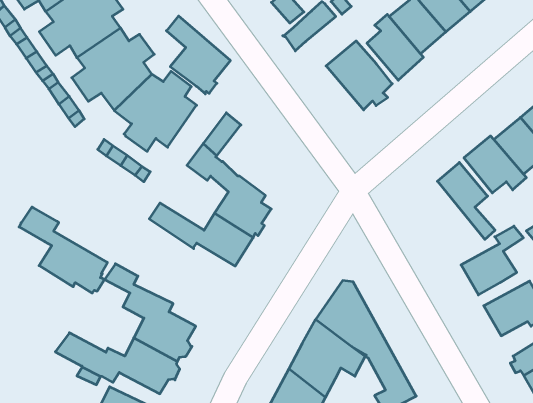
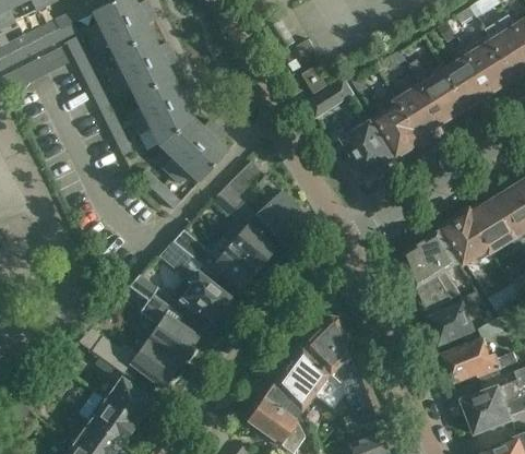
building: [166,16,230,94] -> [254,174,306,242]
building: none -> [402,243,453,313]
building: [19,207,107,293] -> [159,241,229,321]

